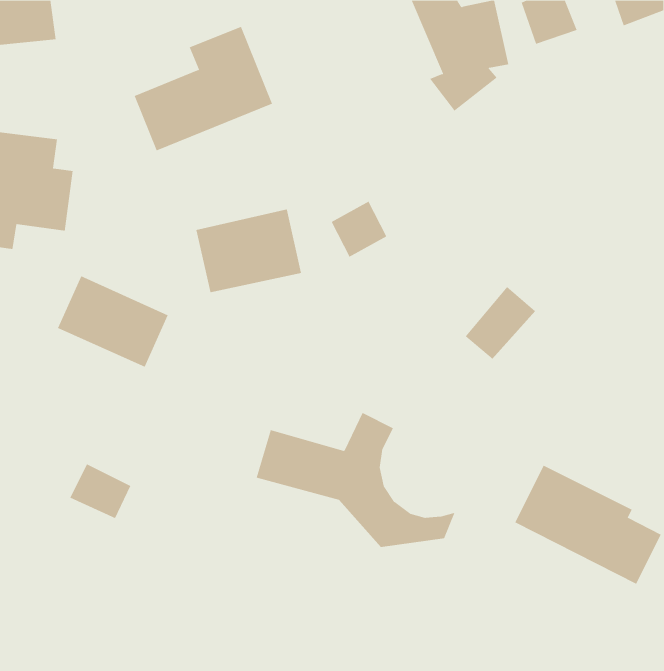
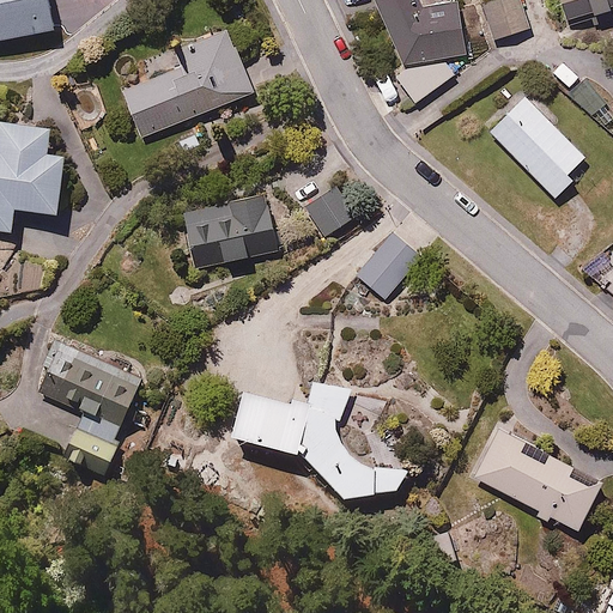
building: none -> [485,91,587,199]
building: [57,276,169,368] -> [38,341,140,425]
building: [465,286,536,360] -> [358,231,423,298]

